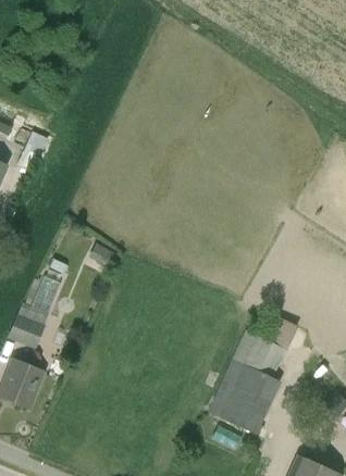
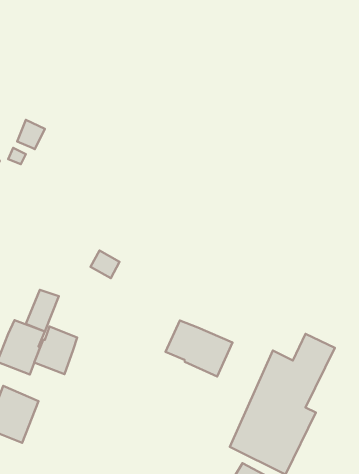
building: none -> [166,321,232,376]
building: none -> [34,327,77,374]

